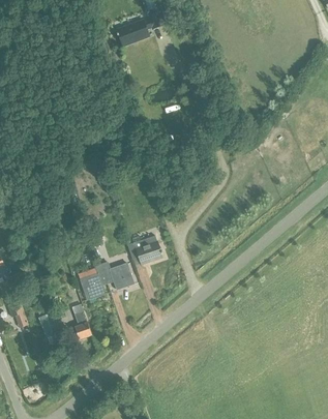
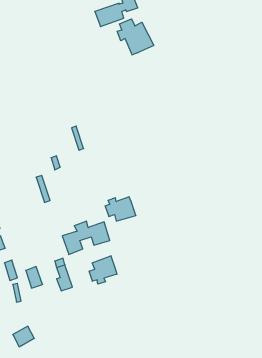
building: none -> [117,19,154,55]
building: none -> [89,256,117,284]

